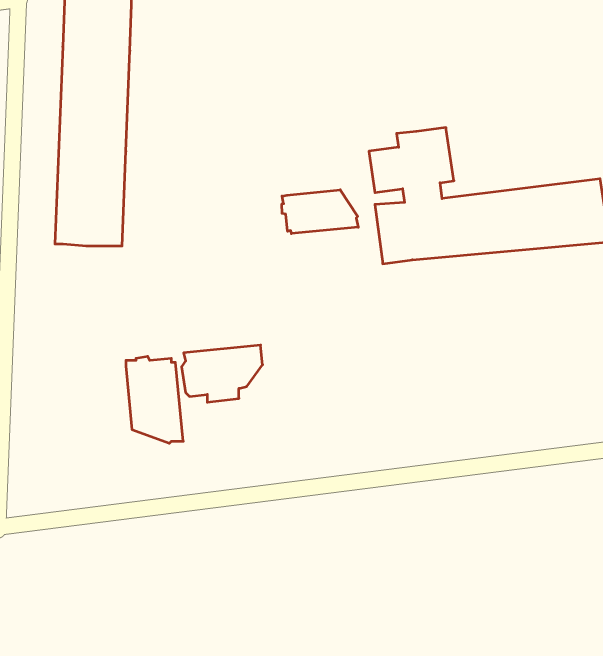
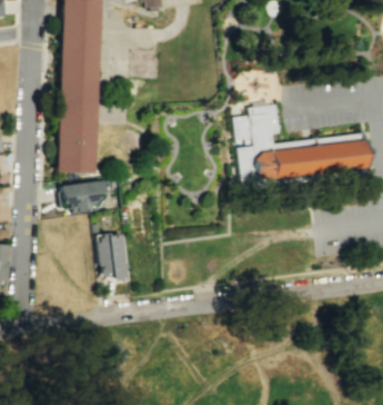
building: [282,190,358,234] -> none
building: [182,345,263,402] -> [59,180,104,213]

